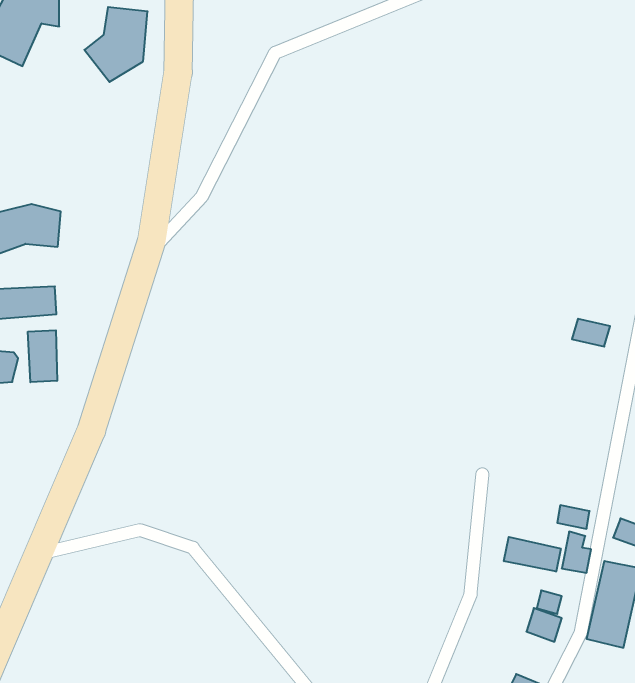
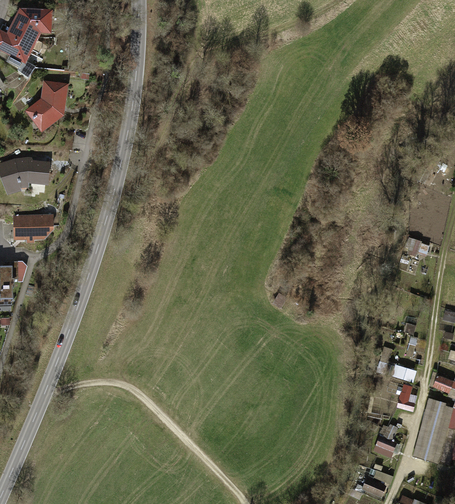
building: [84,7,148,82] -> [27,82,70,133]
building: [28,330,57,382] -> none
building: [504,537,561,572] -> none

